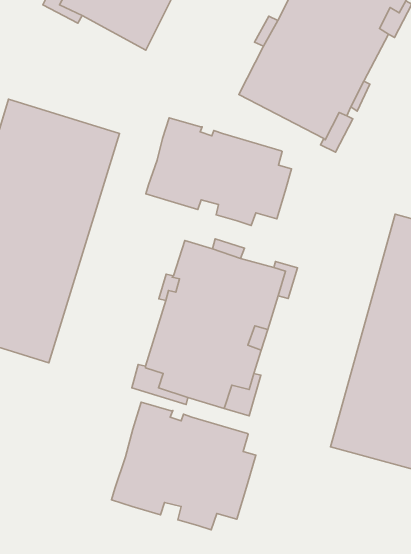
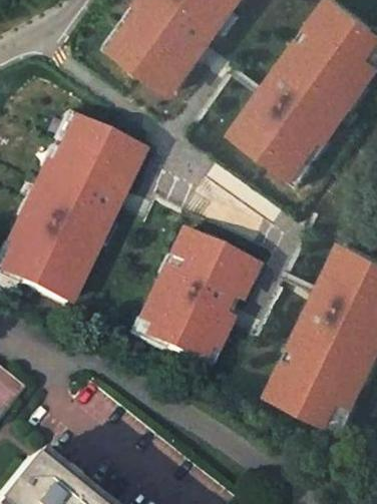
building: [146,118,292,225] -> none
building: [112,402,256,530] -> none

